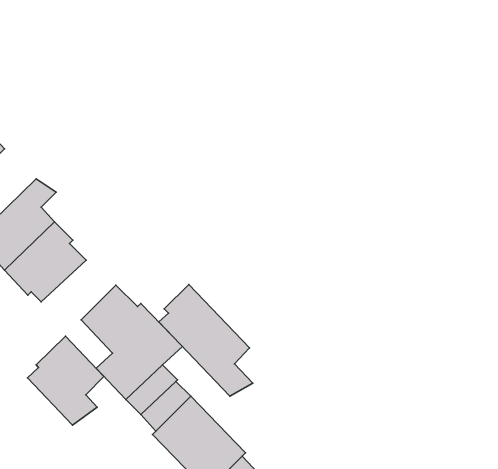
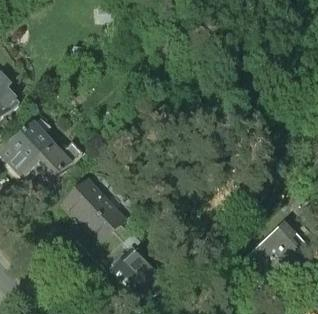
building: [159,284,253,396] -> none
building: [27,336,104,425] -> none
building: none -> [256,226,308,278]

